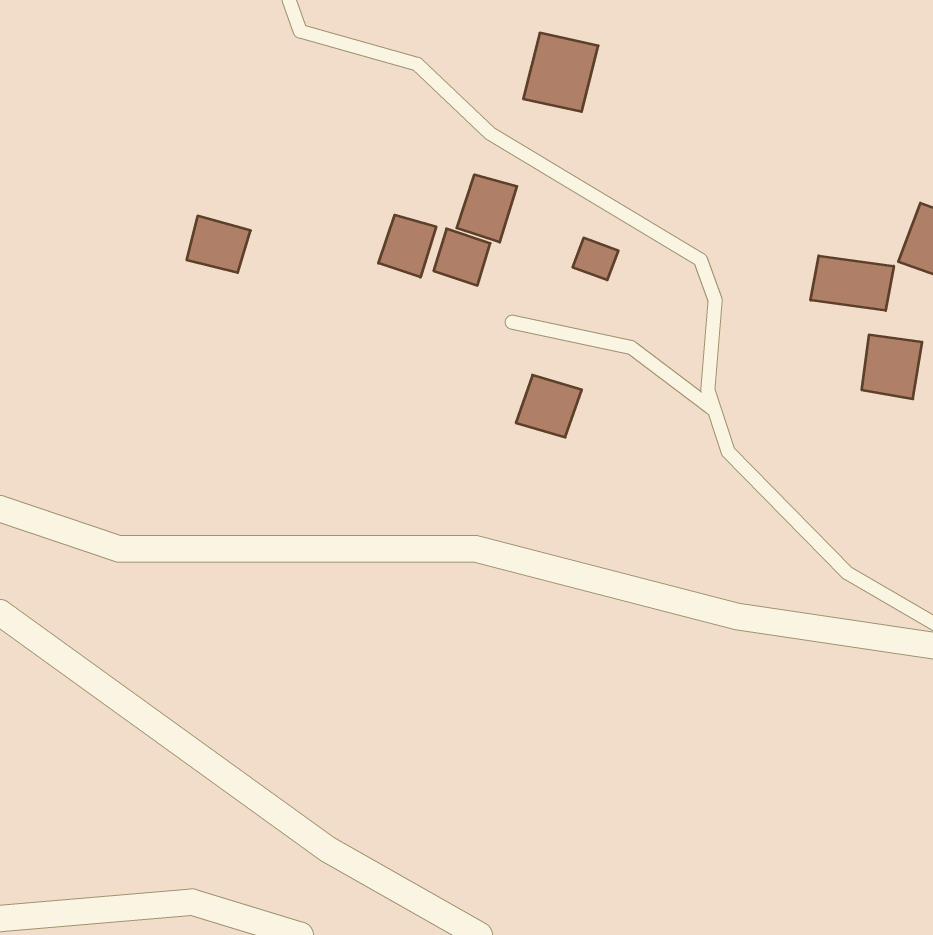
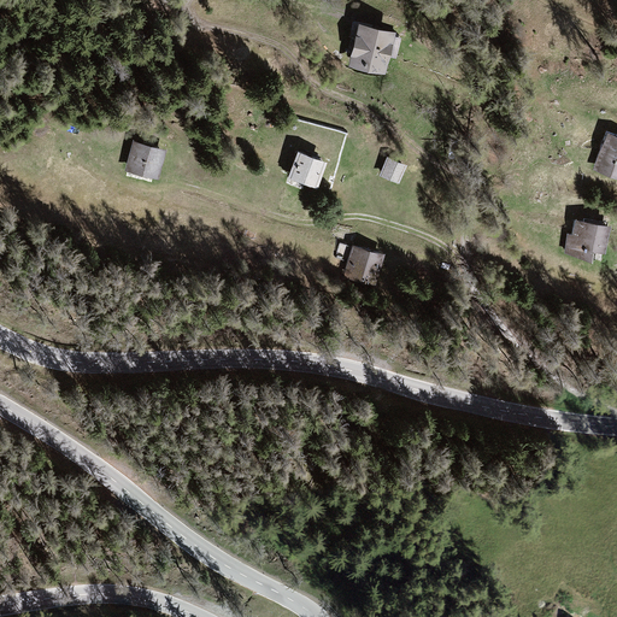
building: [457,175,517,242] -> none
building: [378,215,436,277] -> none
building: [811,256,894,311] -> none

